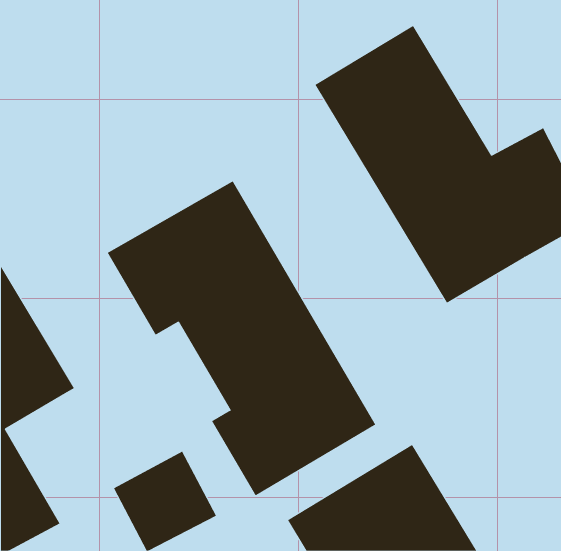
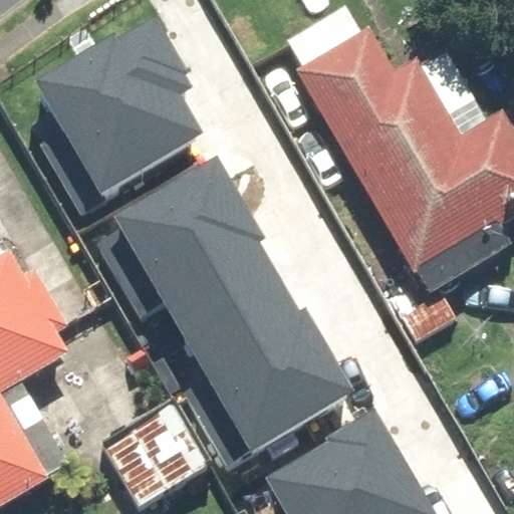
building: none -> [36,22,204,200]

